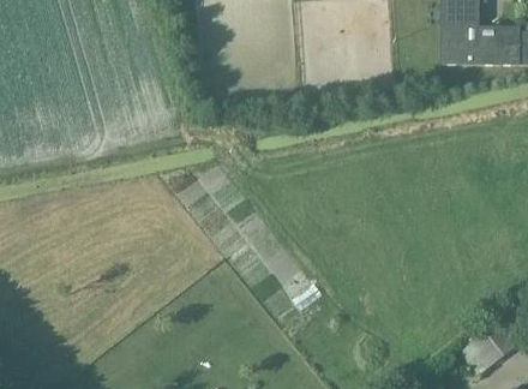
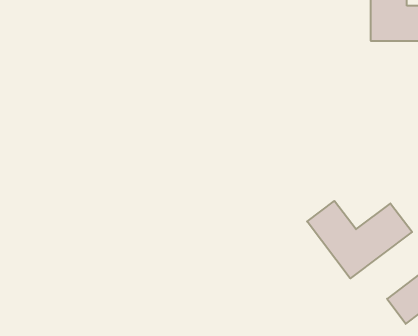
building: none -> [307,201,412,278]

